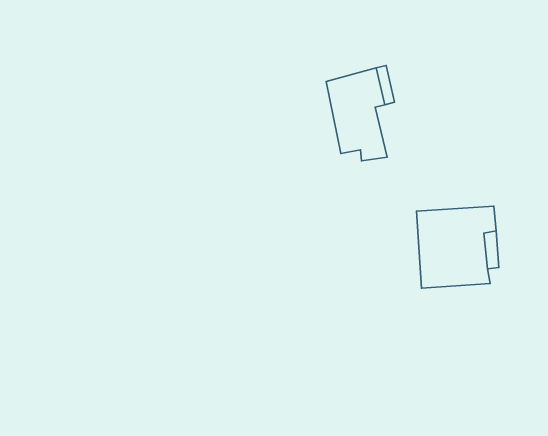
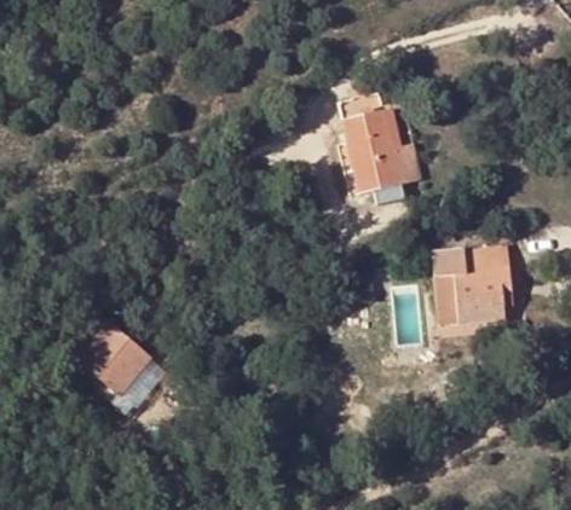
building: none -> [77,323,151,396]

